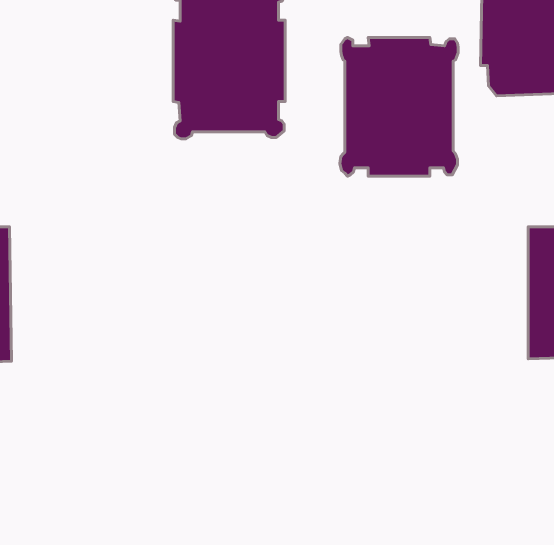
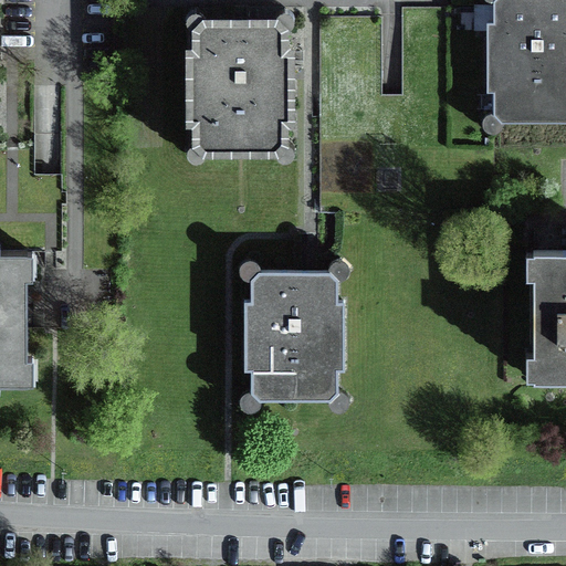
building: [340,37,458,176] -> none
building: none -> [242,270,346,402]

